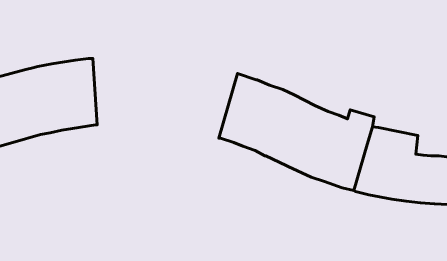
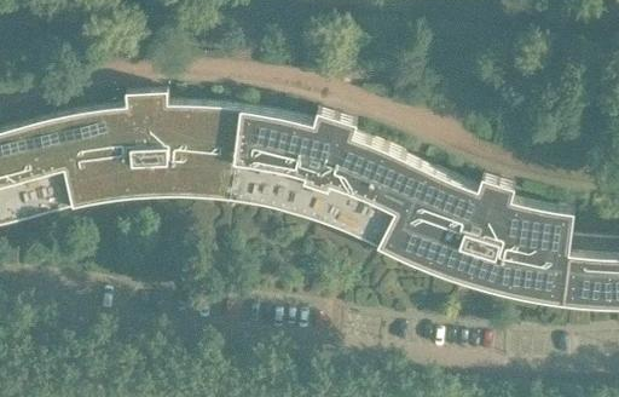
building: none -> [131,104,328,215]

